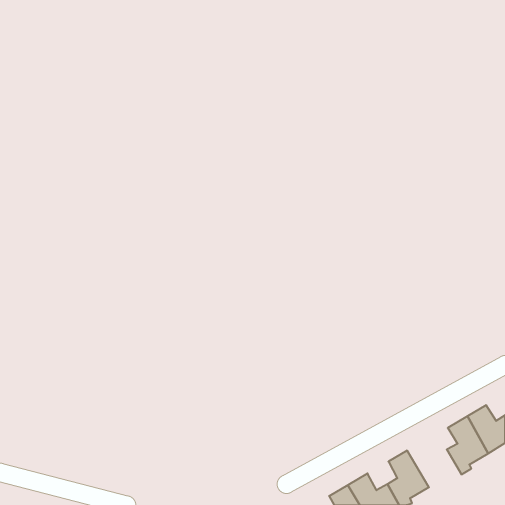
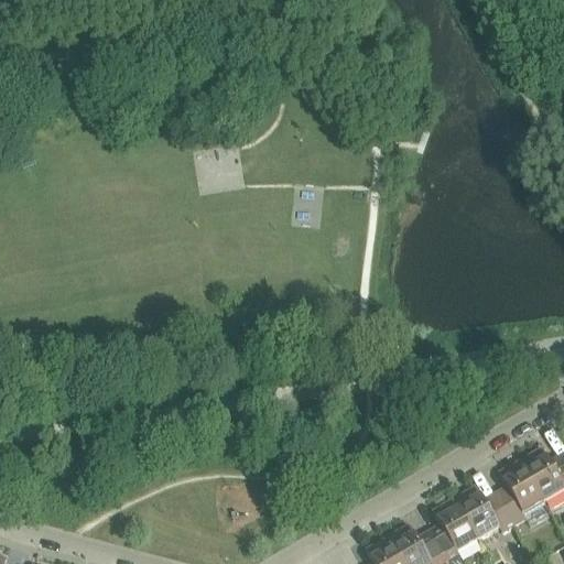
building: none -> [454,490,514,543]

